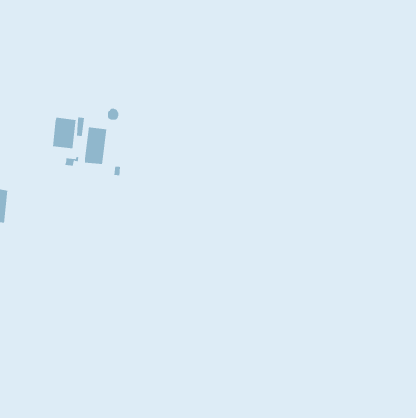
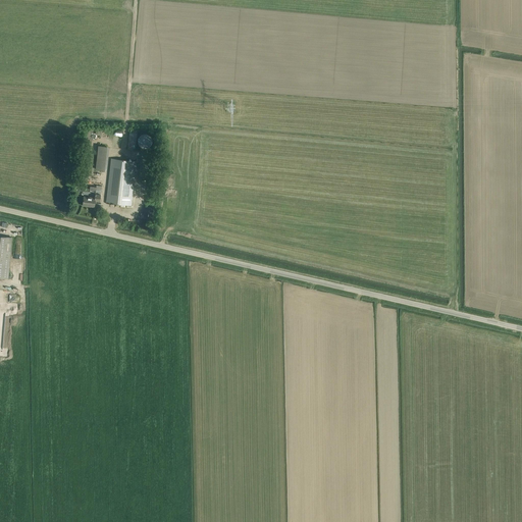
building: [52,117,76,149] -> none

